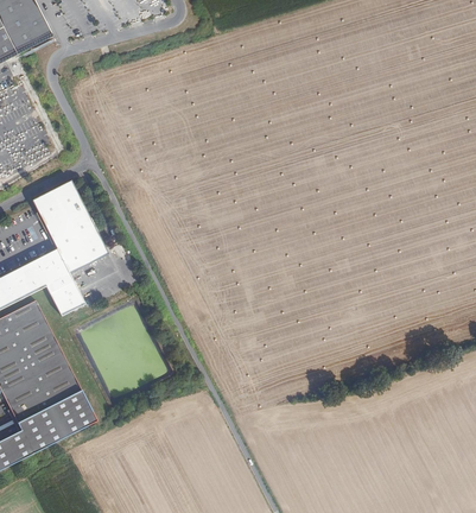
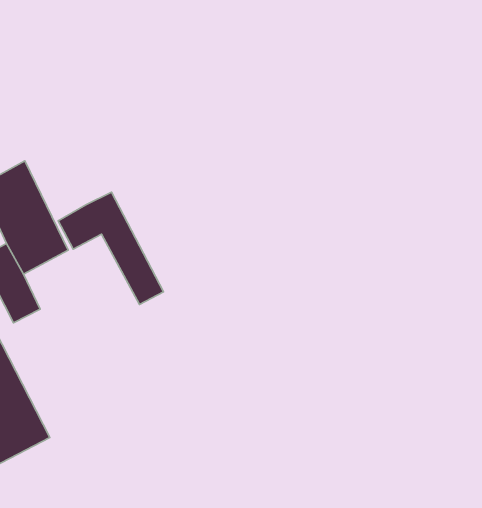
building: none -> [58,192,164,304]

